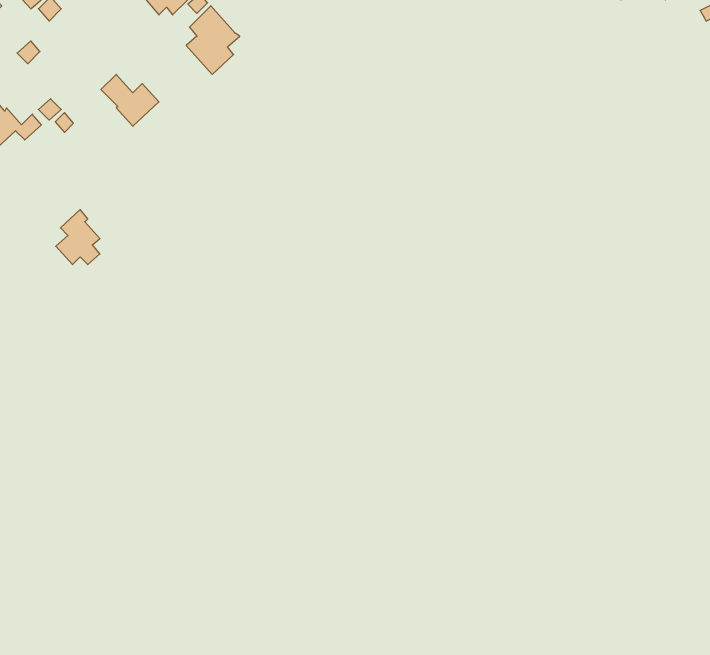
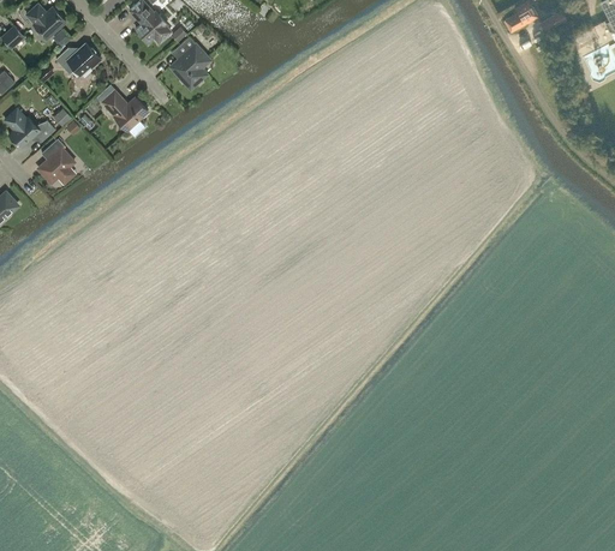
building: none -> [56,42,101,73]
building: [56,210,100,265] -> [38,138,73,181]

